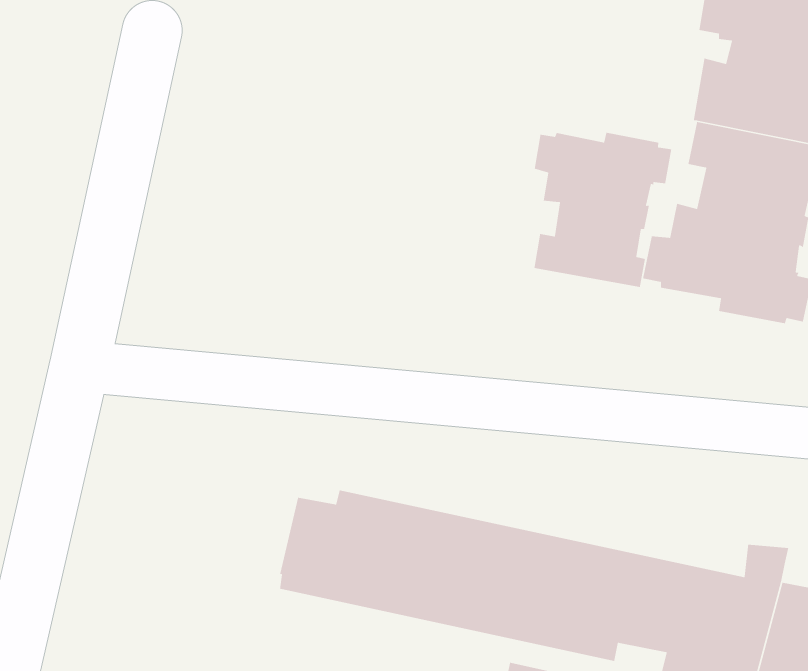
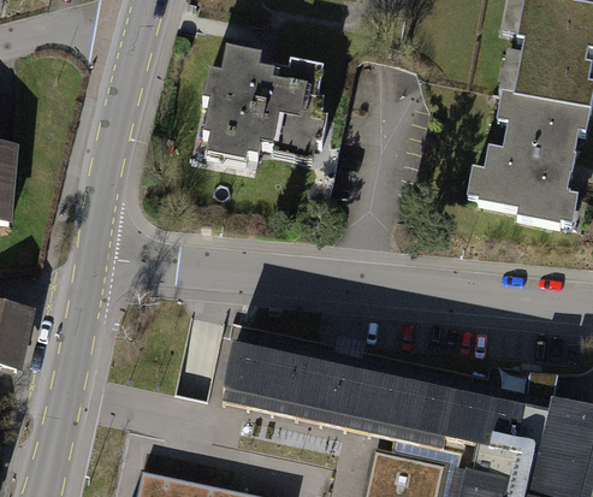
building: none -> [200,52,326,167]
building: [533,132,672,288] -> none

